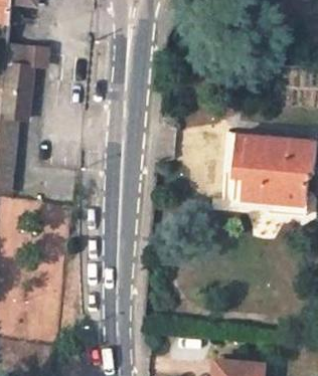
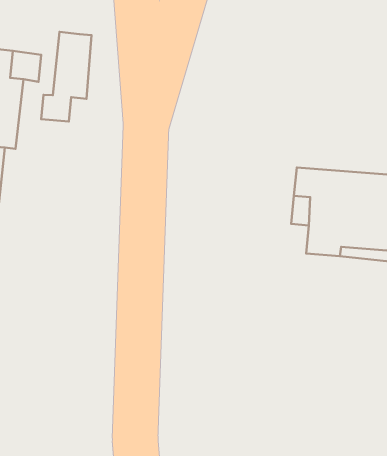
building: none -> [41,32,92,122]

